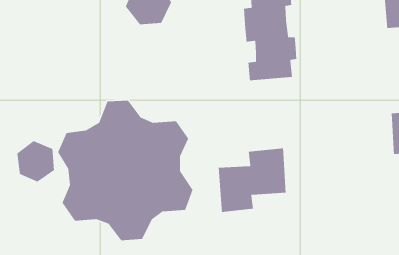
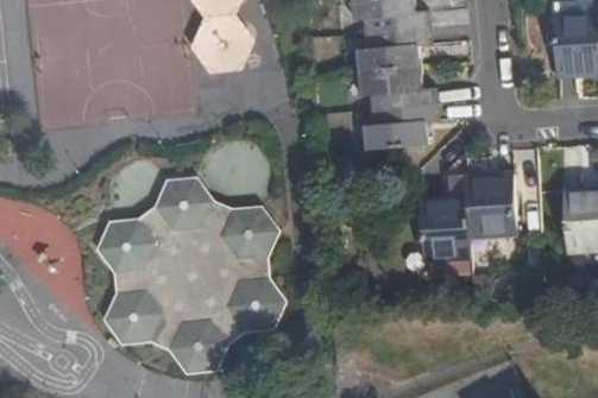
building: [16,140,55,182] -> none
building: [218,148,286,213] -> [420,171,515,261]

